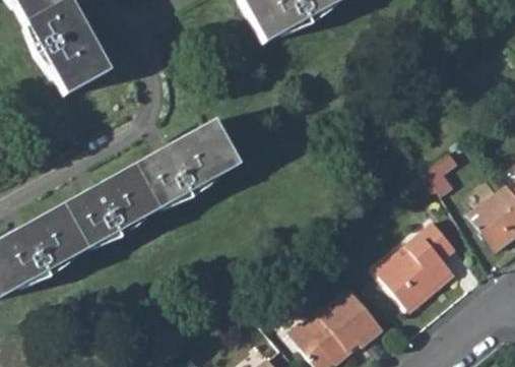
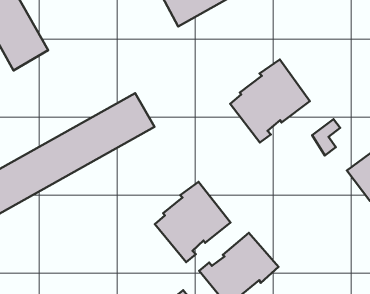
building: none -> [230,59,310,143]
building: [380,223,454,310] -> none
building: none -> [155,182,230,262]

